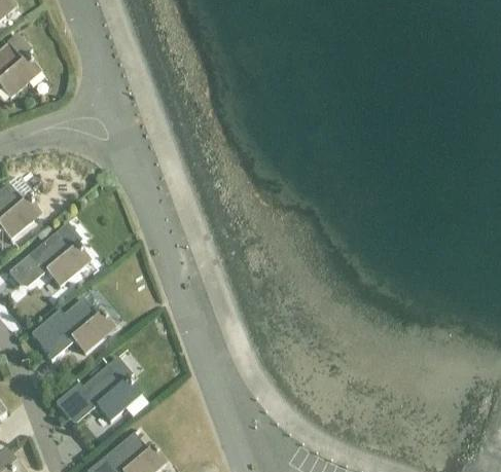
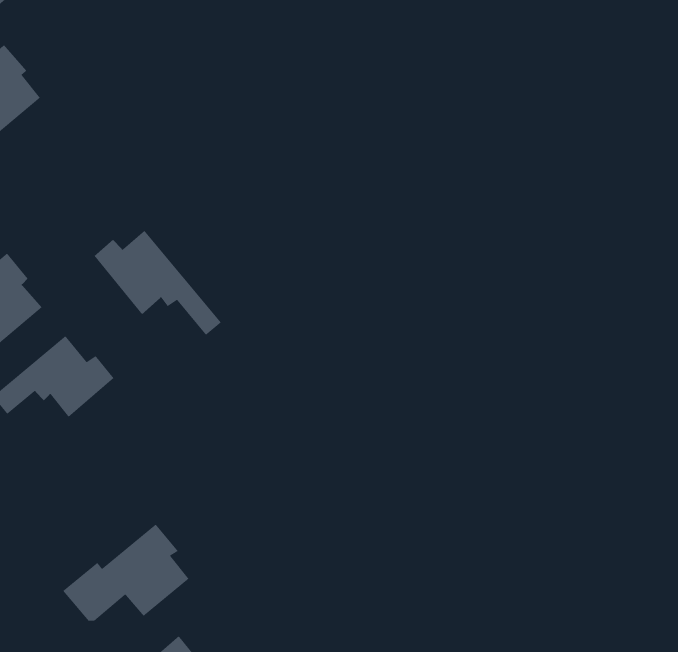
building: none -> [94,230,222,336]
building: [32,298,116,360] -> none

